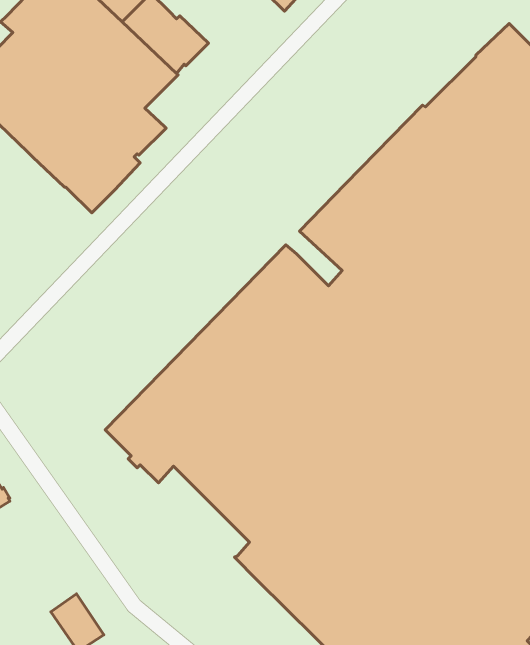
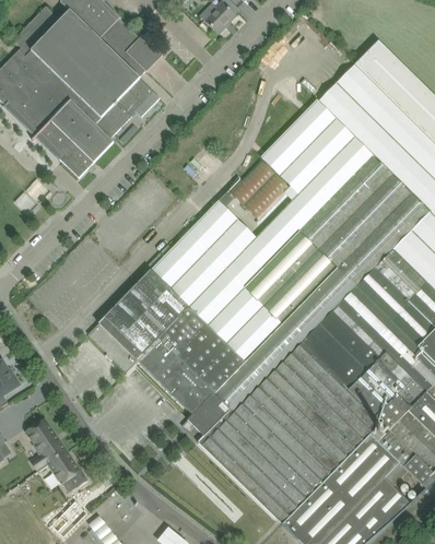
building: none -> [117,78,161,117]
building: none -> [26,417,68,464]

